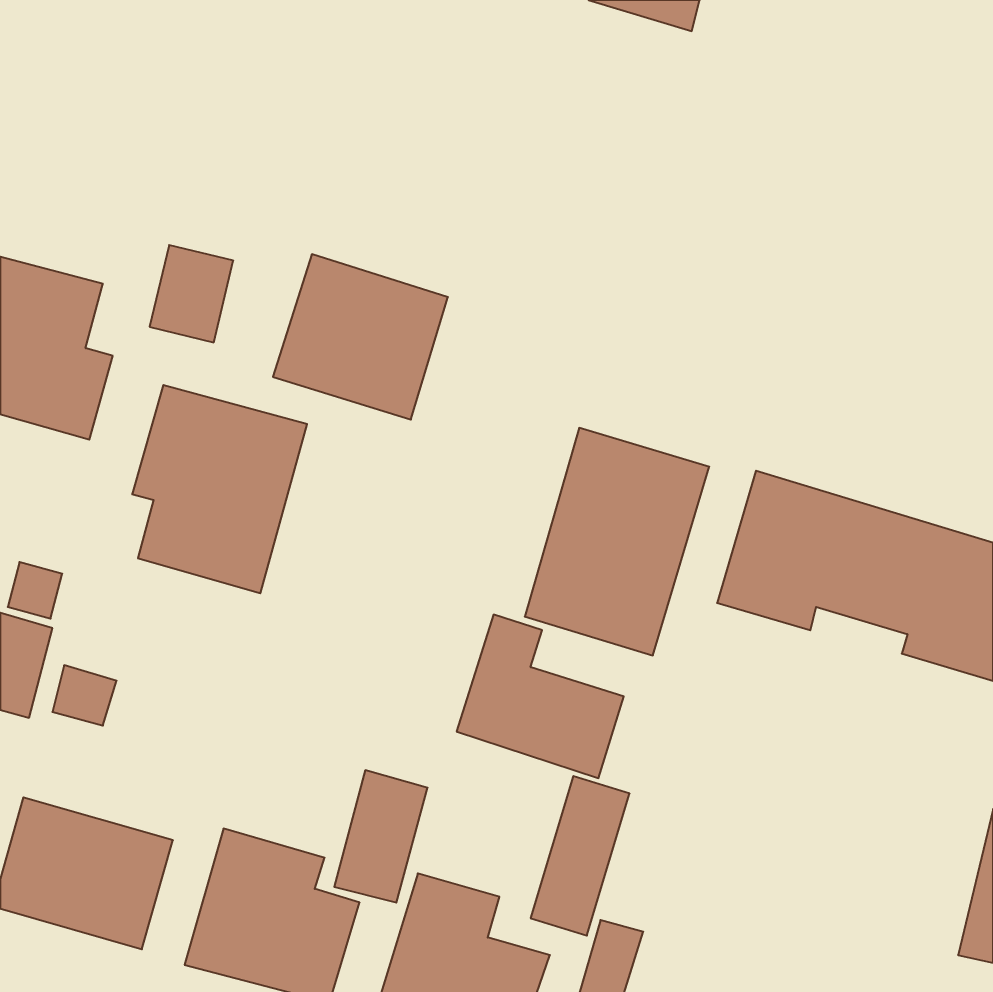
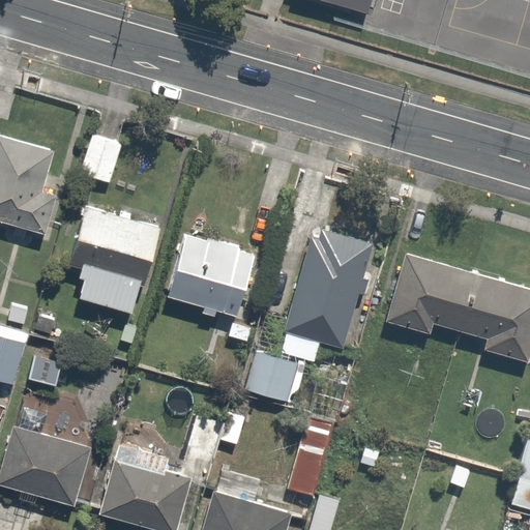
building: [273,254,448,420] -> [164,231,257,319]

